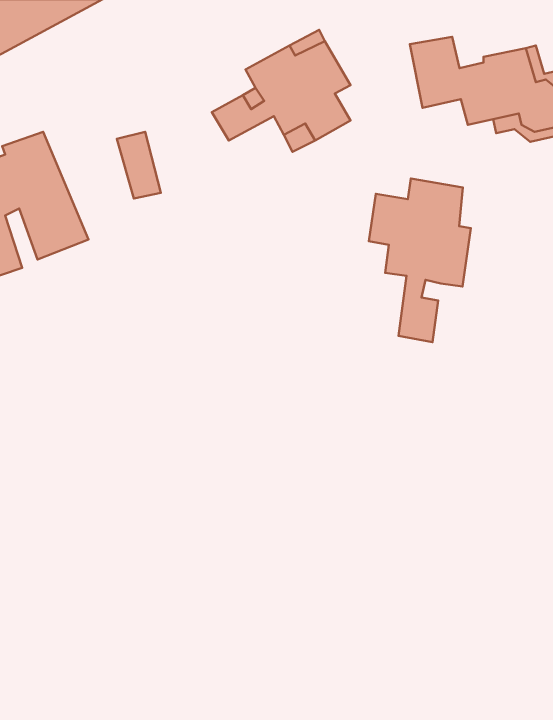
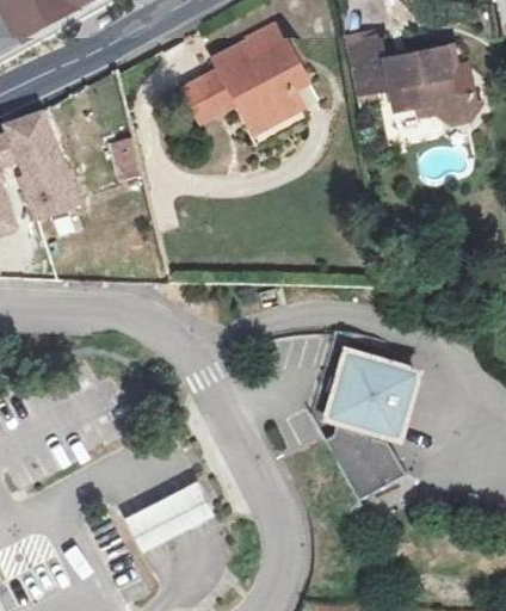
building: [369,179,471,342] -> none
building: none -> [320,347,416,501]
building: none -> [119,482,212,555]

